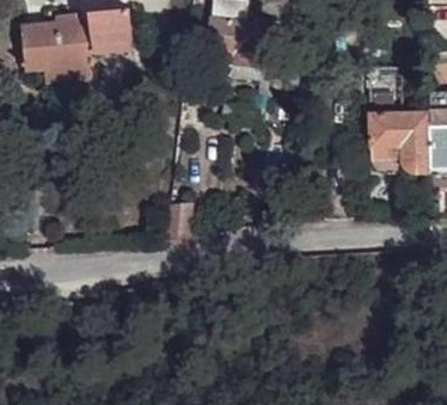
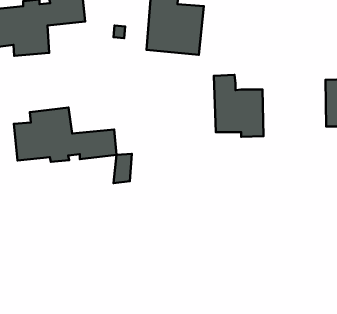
building: [368,92,429,168] -> [214,75,264,137]
building: none -> [14,107,116,162]

